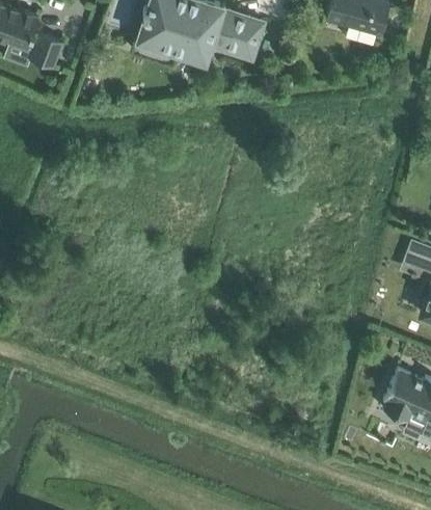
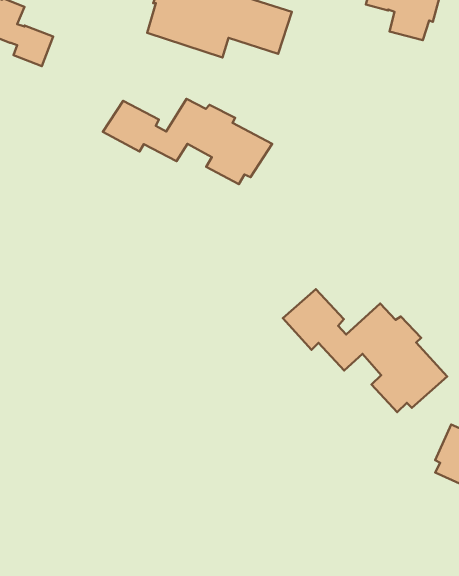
building: none -> [103,99,272,184]
building: none -> [283,289,447,412]

